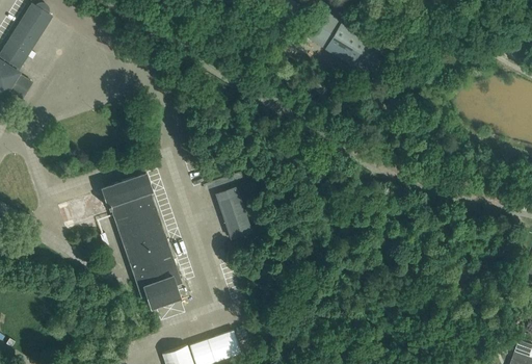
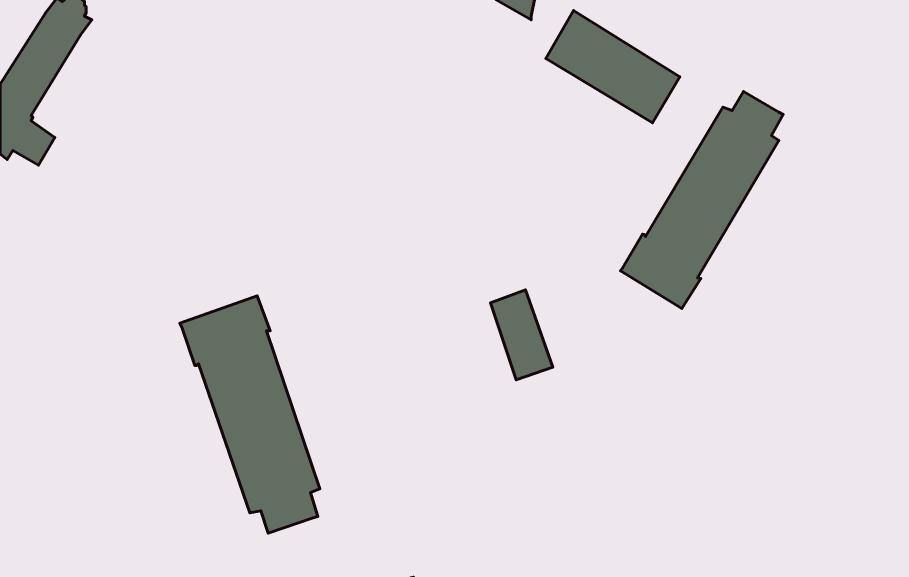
building: none -> [620,91,783,309]
building: [216,188,251,239] -> [490,290,553,380]

